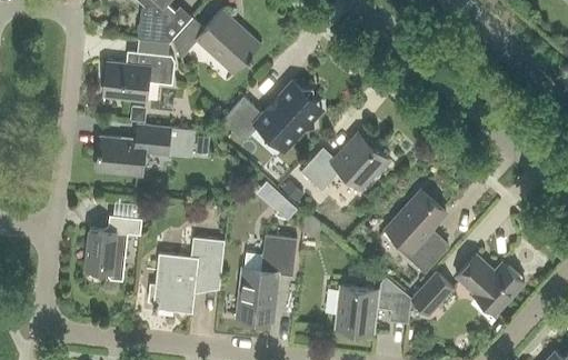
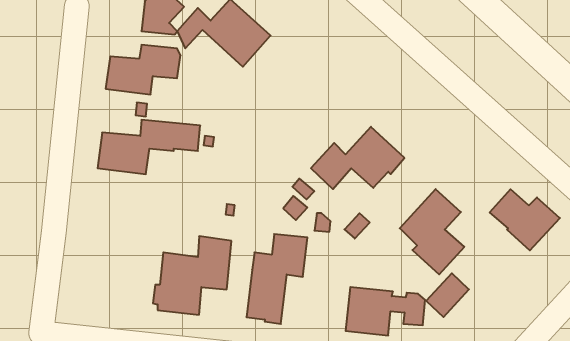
building: [222,81,313,150] -> none
building: [84,216,141,280] -> none
building: [456,254,524,313] -> [490,189,560,250]

